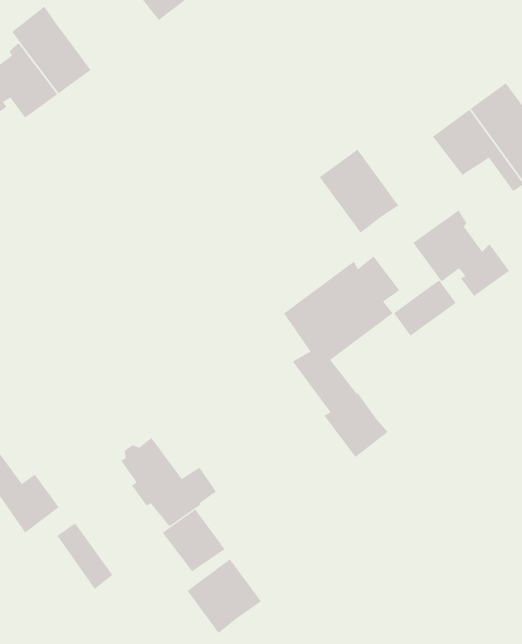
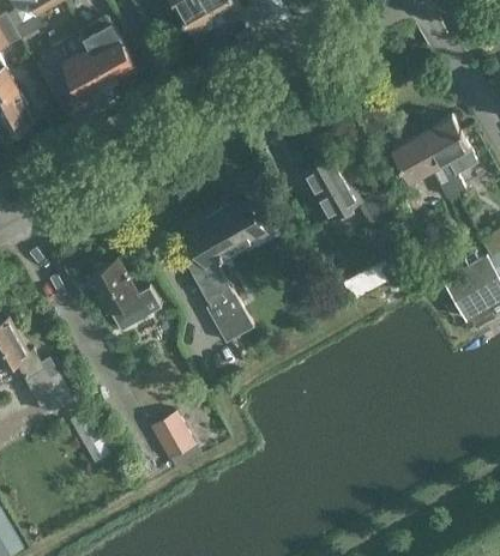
building: [412,210,510,297] -> none
building: [283,255,400,458] -> [183,191,275,343]
building: [120,438,217,527] -> [90,261,161,331]
building: [187,558,262,634] -> none

